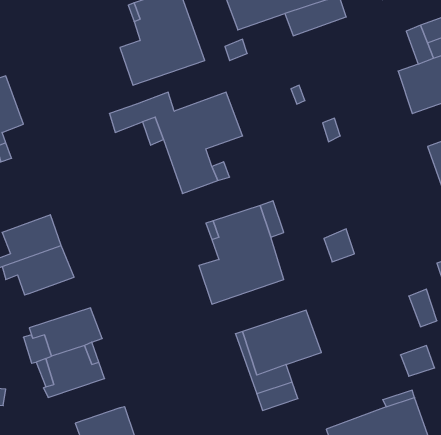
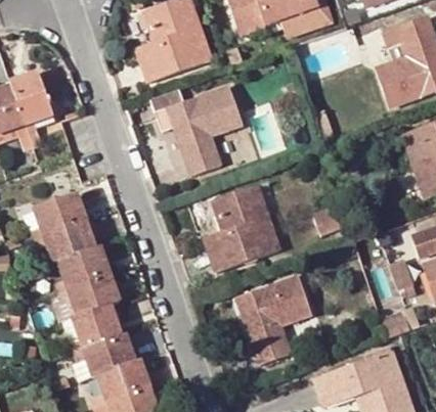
building: none -> [54,246,111,291]
building: none -> [74,334,136,376]

